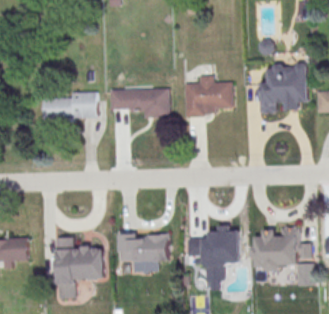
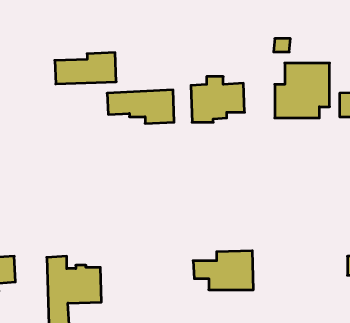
building: [43,92,98,120] -> [55,53,116,84]
building: [252,228,315,286] -> none
building: [118,235,169,273] -> none

